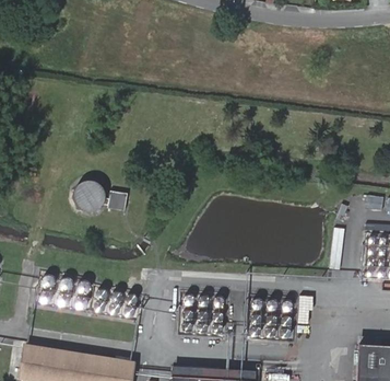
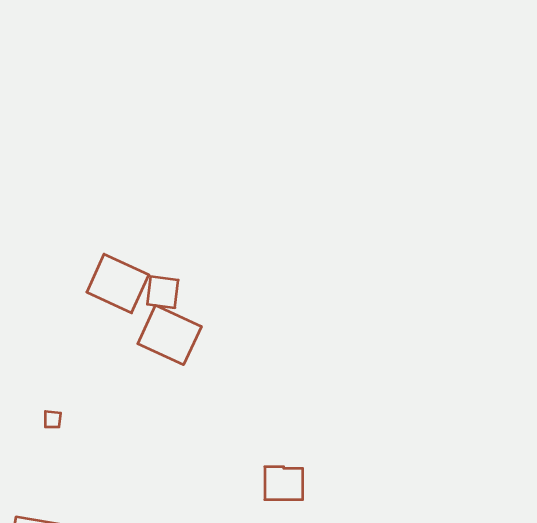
building: none -> [138,305,201,365]

